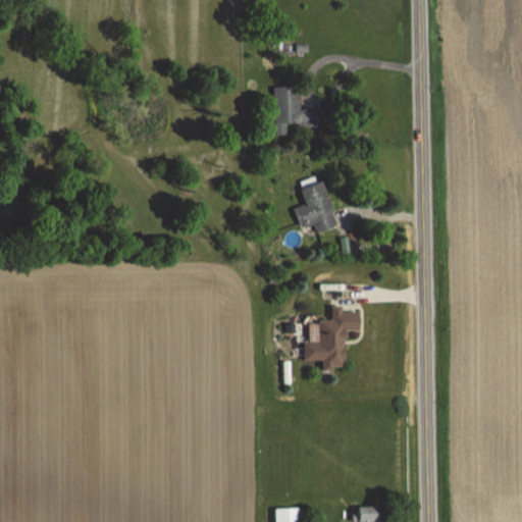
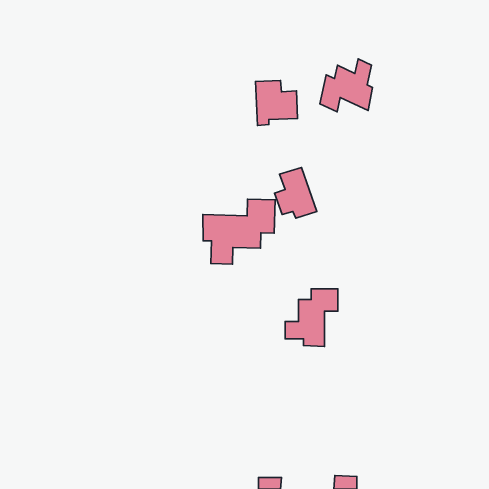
building: none -> [320,59,372,112]
building: none -> [203,199,275,264]

